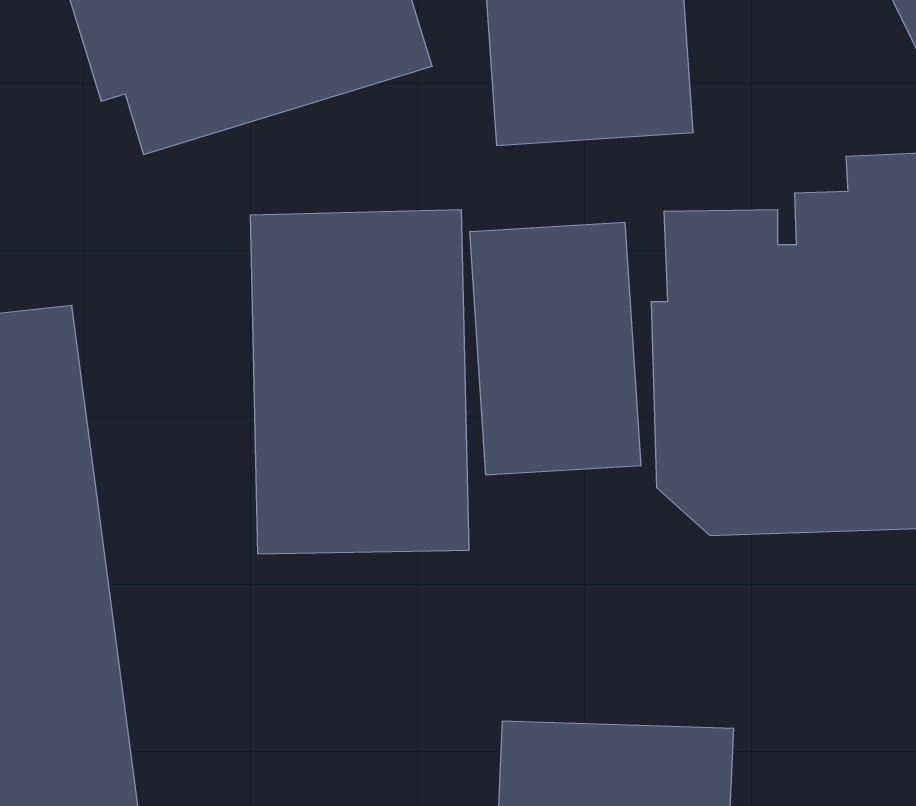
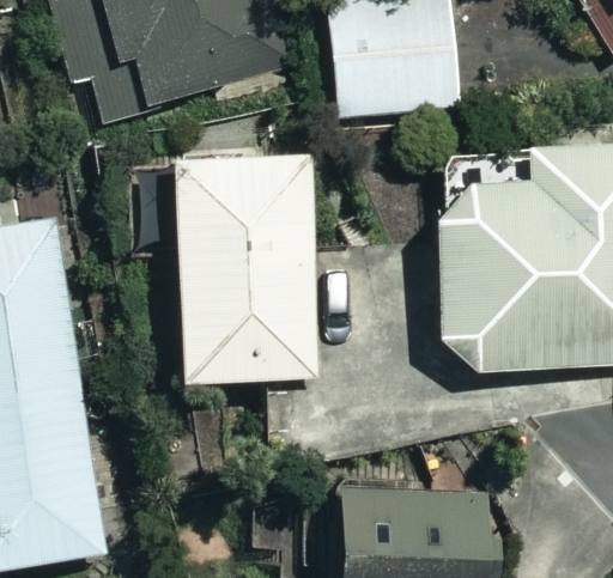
building: [470,222,641,475] -> none

